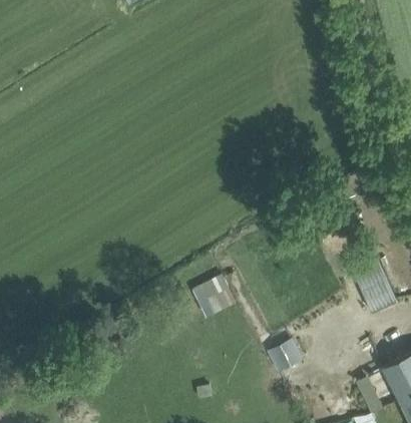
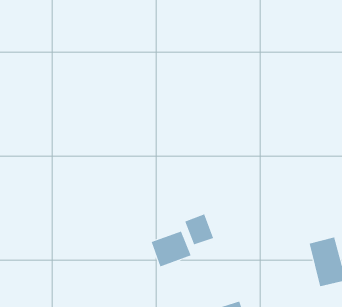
building: none -> [184,213,214,245]

